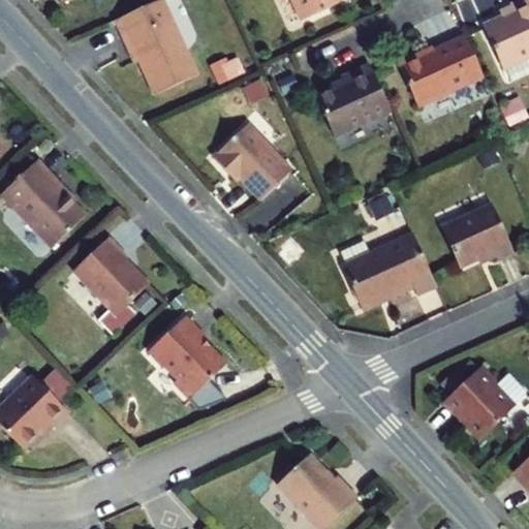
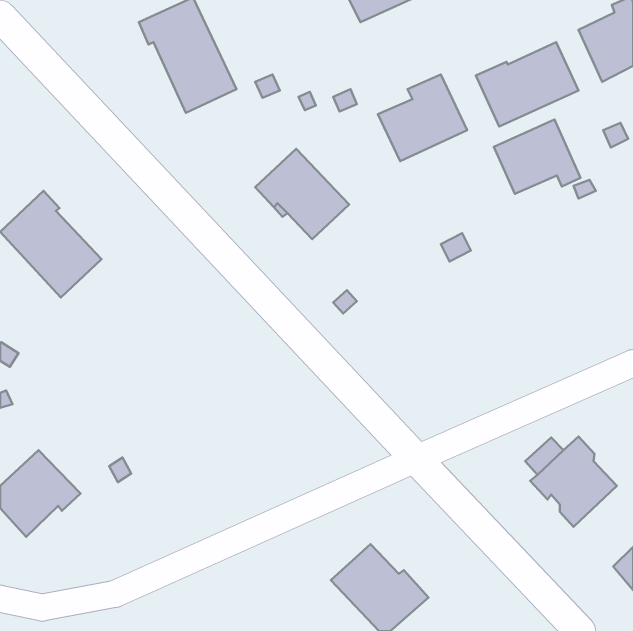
building: [441,204,514,266] -> [494,120,580,194]
building: [341,232,436,309] -> none
building: [72,236,149,315] -> none
building: [148,314,226,398] -> none

